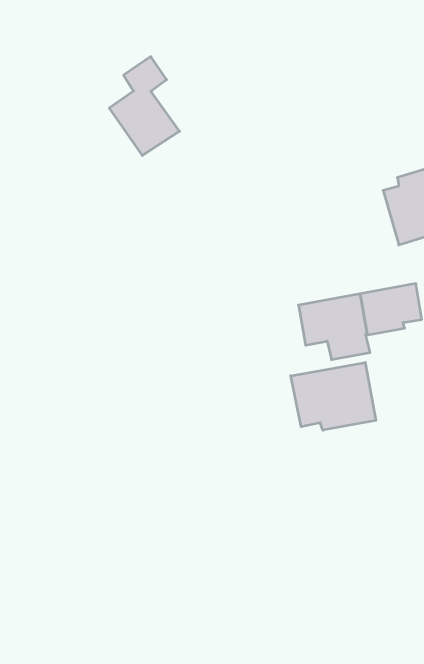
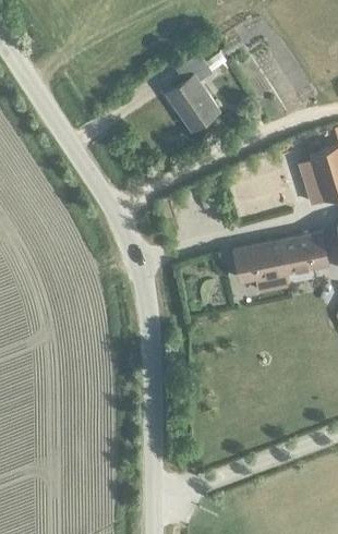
building: [109,57,180,156] -> [167,54,220,130]
building: [291,362,376,430] -> none

